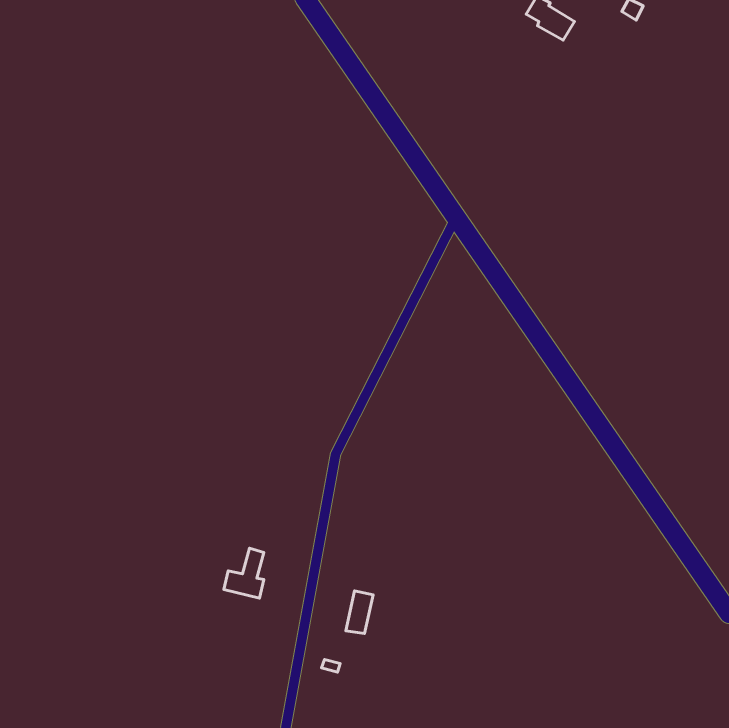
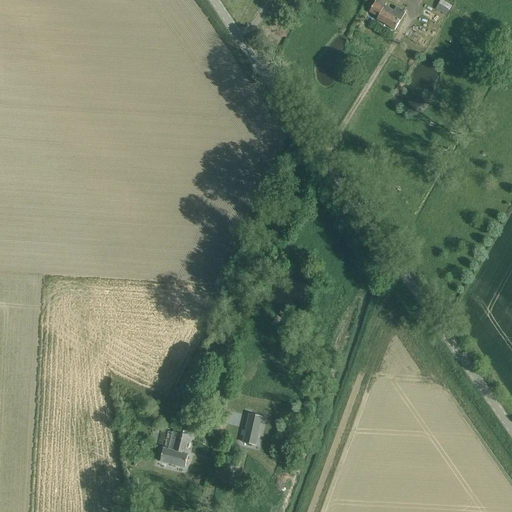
building: [224,548,264,598] -> [160,431,188,466]

